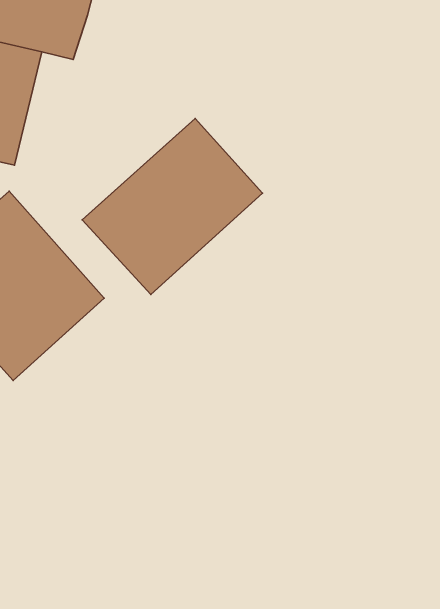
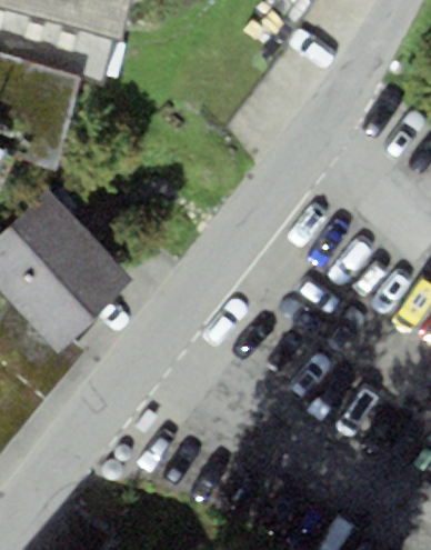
building: [82,118,262,295] -> none

